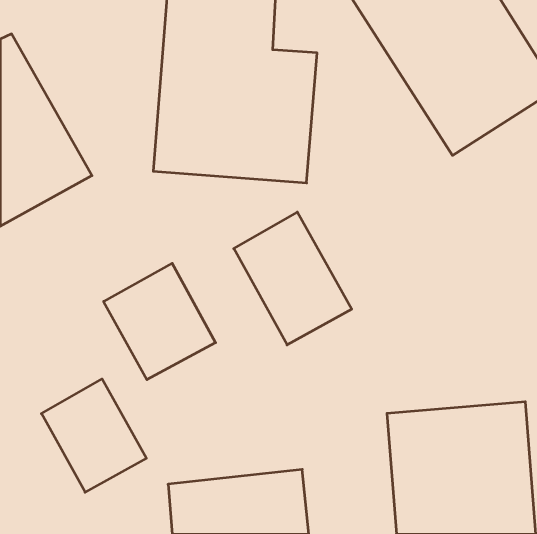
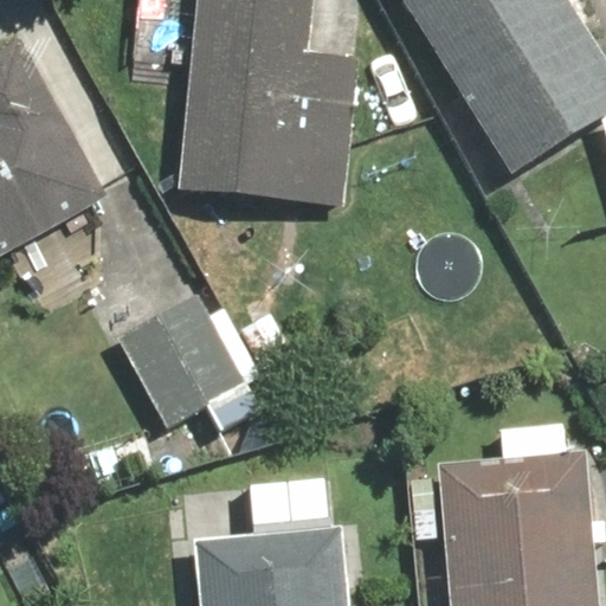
building: [234,212,352,345] -> none
building: [41,379,146,492] -> none

